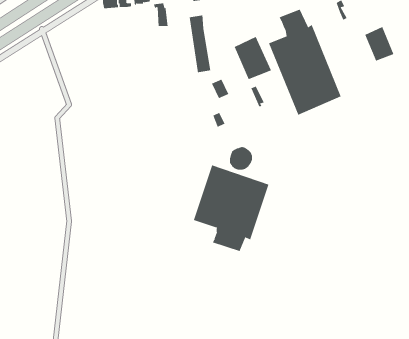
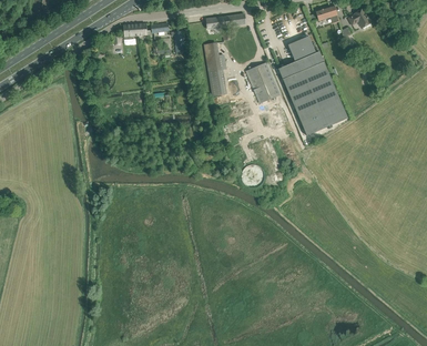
building: [364,26,394,61] -> none
building: [193,164,269,252] -> none

